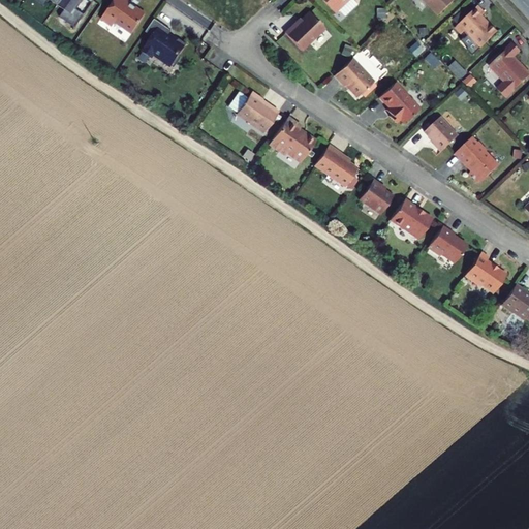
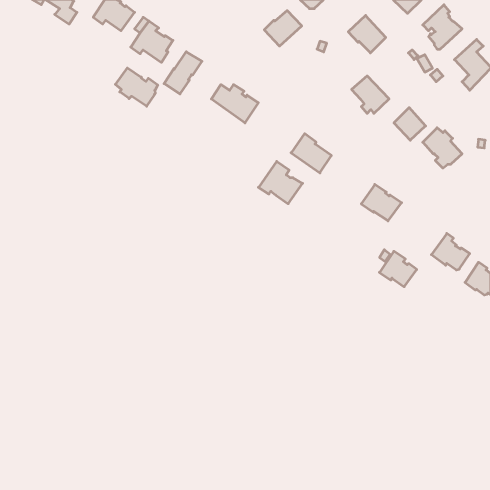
building: none -> [164,52,202,94]
building: [334,57,374,97] -> [348,15,386,53]
building: none -> [115,68,158,106]
building: [269,116,316,161] -> [258,161,303,204]
building: [360,179,394,213] -> none
building: [427,224,467,262] -> [379,251,417,287]

